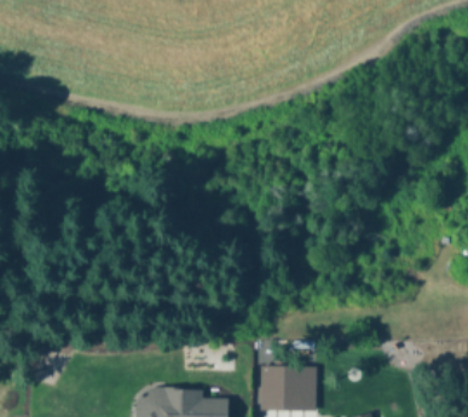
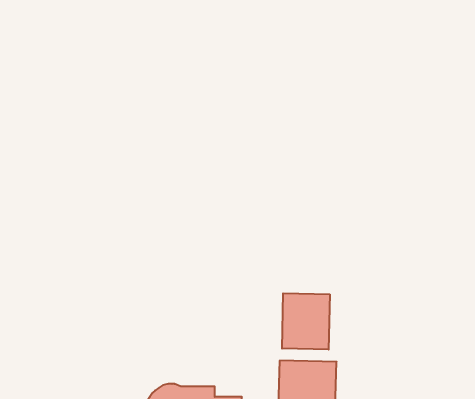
building: none -> [282,293,330,350]

